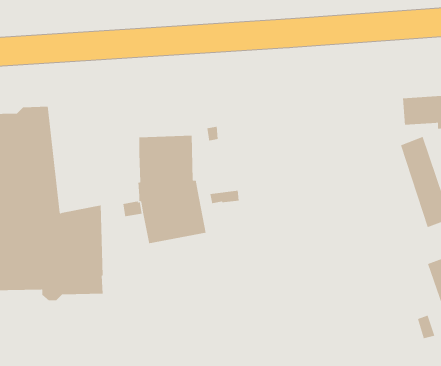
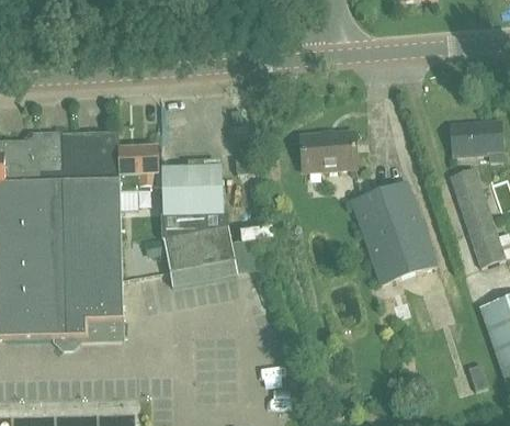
building: none -> [302,131,356,170]
building: none -> [64,132,162,250]
building: none -> [352,180,435,283]

